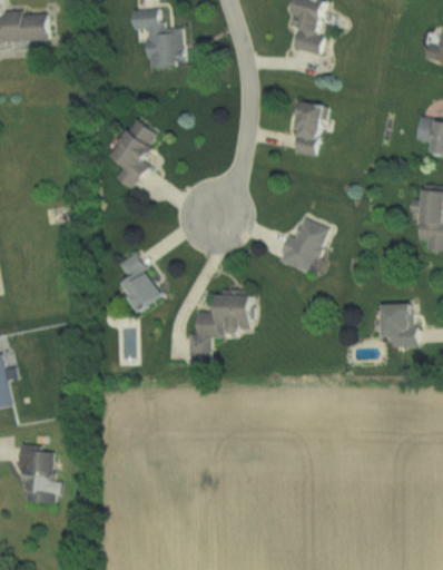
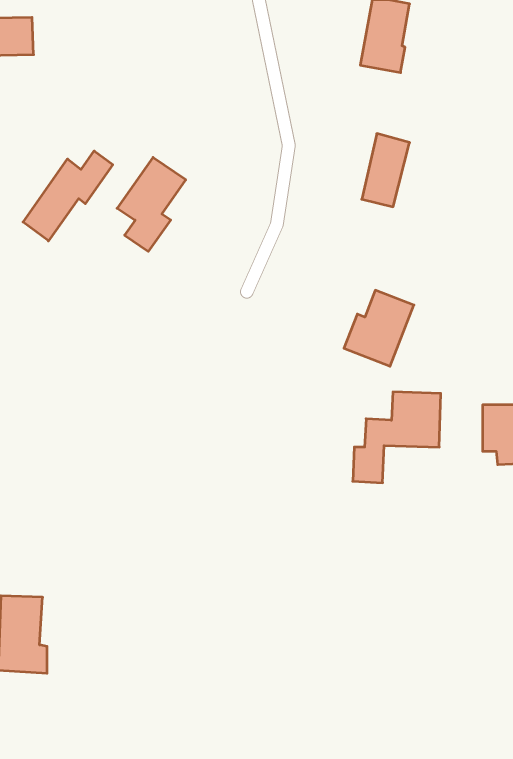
building: [131,10,181,67] -> none
building: none -> [23,151,113,241]
building: [114,253,161,311] -> none
building: [187,294,253,362] -> [353,392,441,483]

